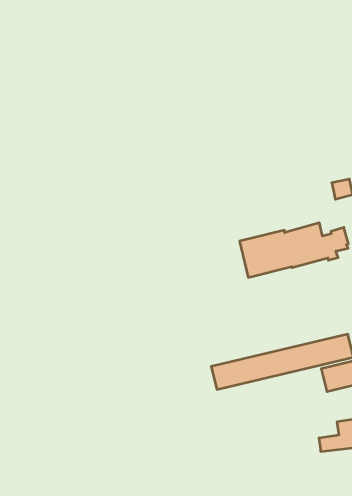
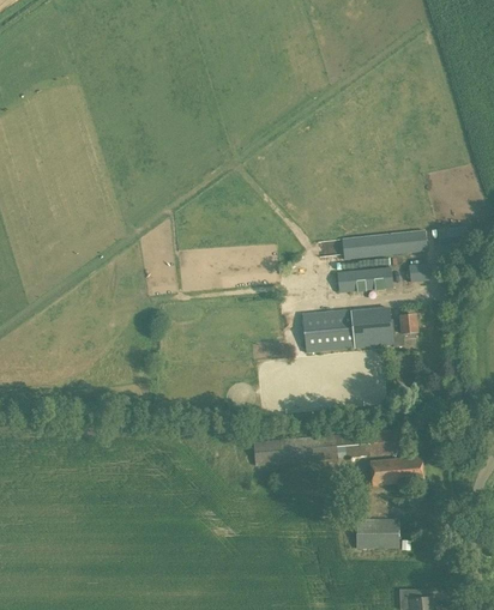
building: none -> [341,230,426,260]
building: none -> [336,267,391,294]

